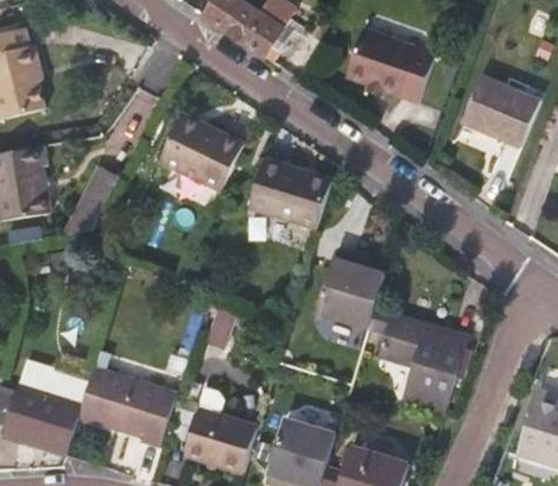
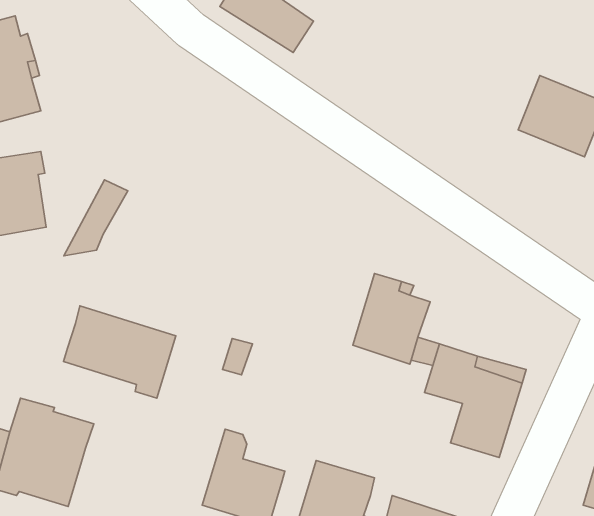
building: [343,29,433,102] -> none
building: [163,108,245,183] -> none
building: [249,157,331,228] -> none
building: [78,367,177,448] -> [63,306,176,398]

